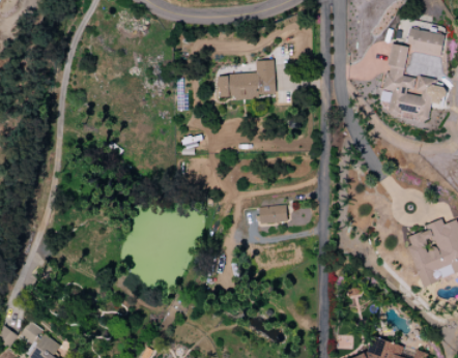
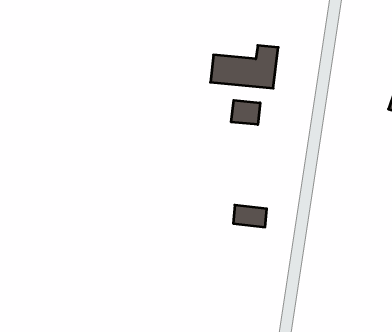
building: none -> [231,100,260,125]

